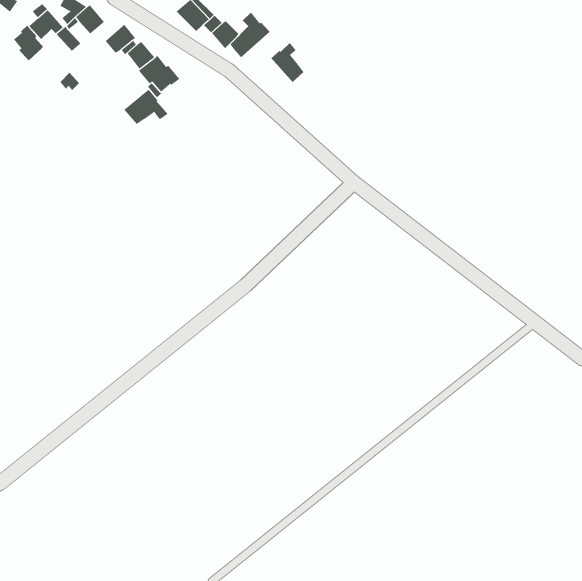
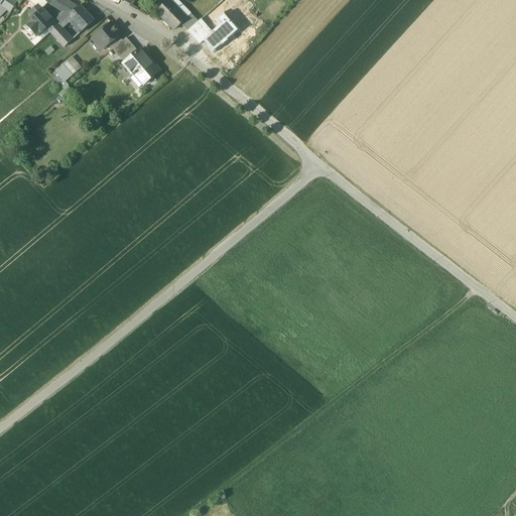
building: [13,25,44,61] -> none
building: [271,42,304,83] -> none
building: [124,89,169,125] -> none

